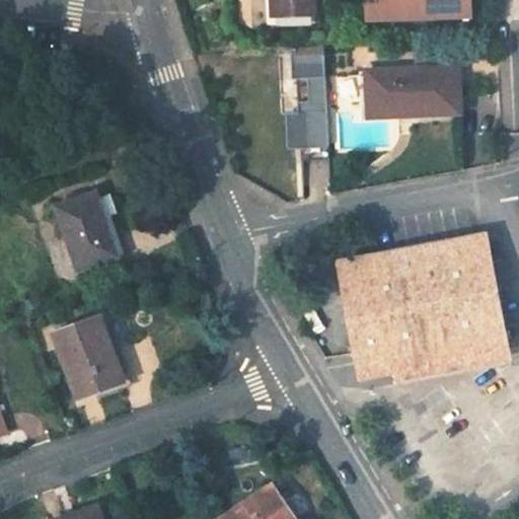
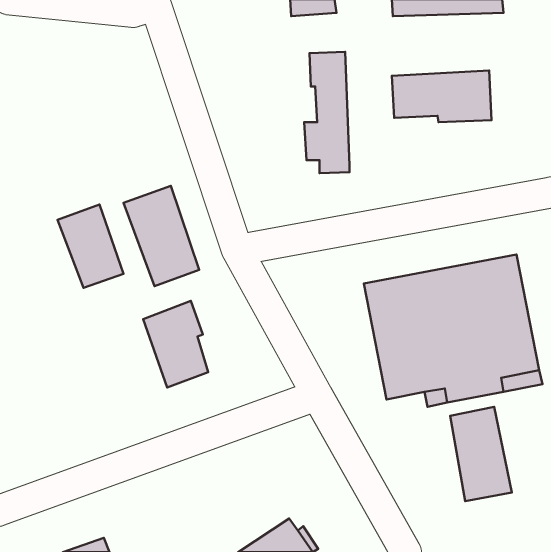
building: none -> [123,186,199,286]
building: [56,317,117,398] -> [143,301,208,387]
building: none -> [450,407,512,501]

